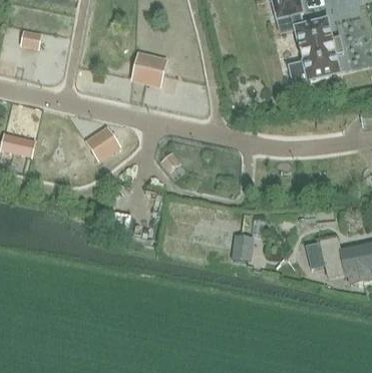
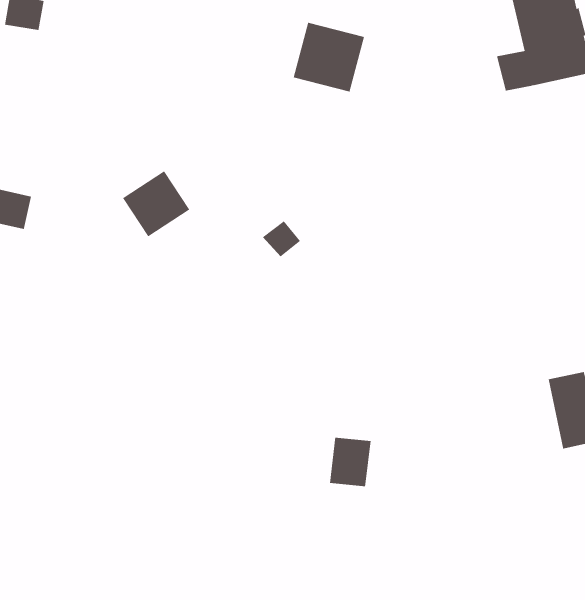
building: [129,50,168,88] -> [293,22,365,92]
building: [232,233,255,260] -> [329,437,371,487]

